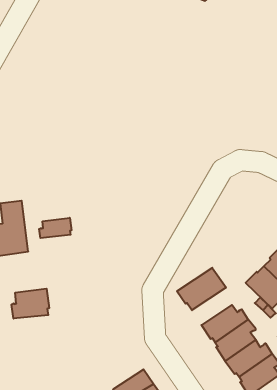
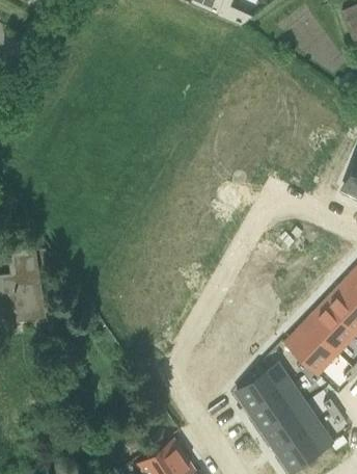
building: [39,218,71,238] -> none
building: [177,268,226,310] -> none
building: [12,289,49,319] -> none

